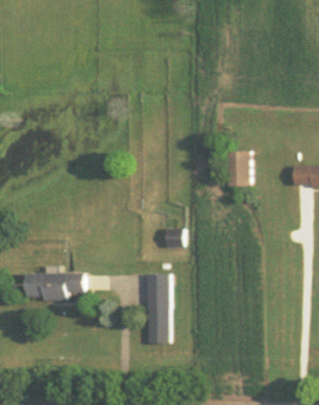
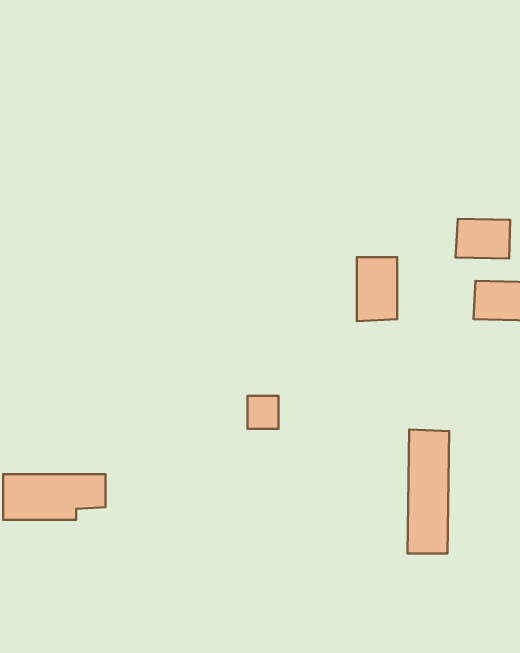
building: none -> [455,219,510,259]
building: [146,274,169,343] -> [407,429,449,553]

